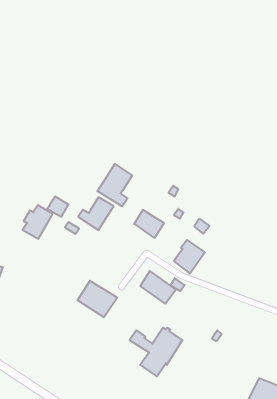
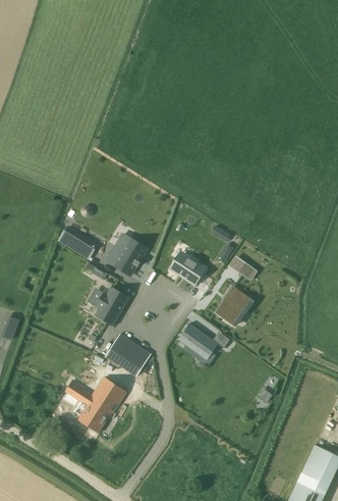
building: [97,164,132,206] -> none
building: [23,205,53,239] -> [94,287,128,325]
building: [130,328,183,376] -> [64,377,125,433]

